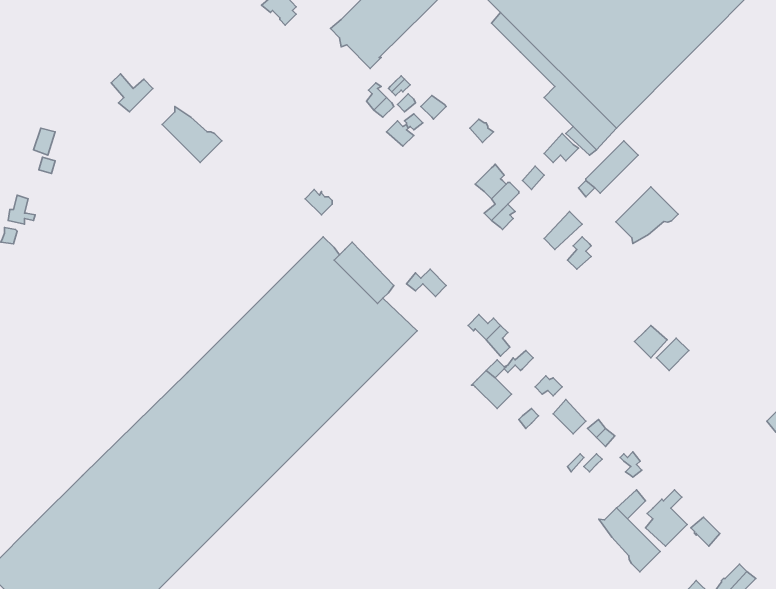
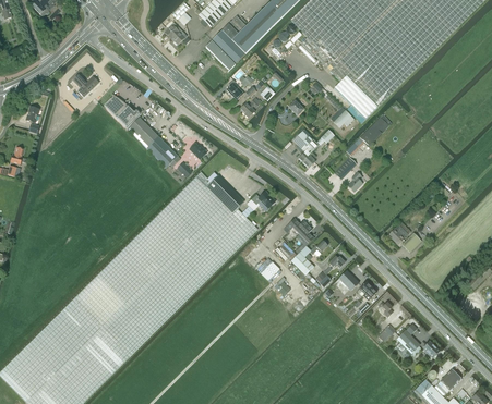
building: none -> [128,117,180,167]
building: [616,187,678,244] -> none
building: [599,508,660,572] -> none

